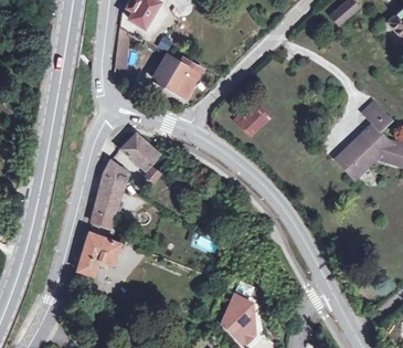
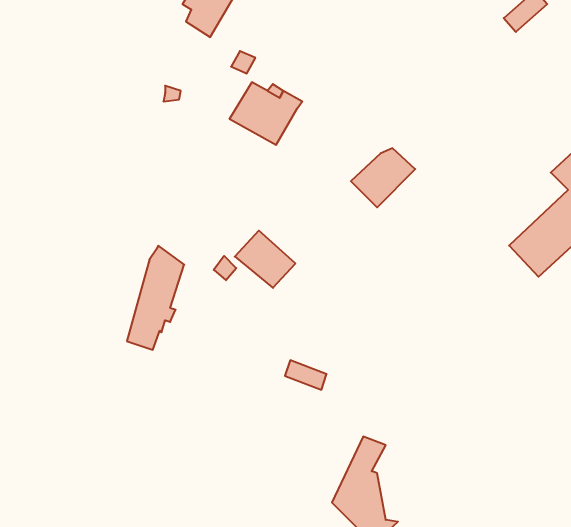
building: [120,133,159,169] -> [235,231,295,288]
building: [77,232,120,275] -> none

